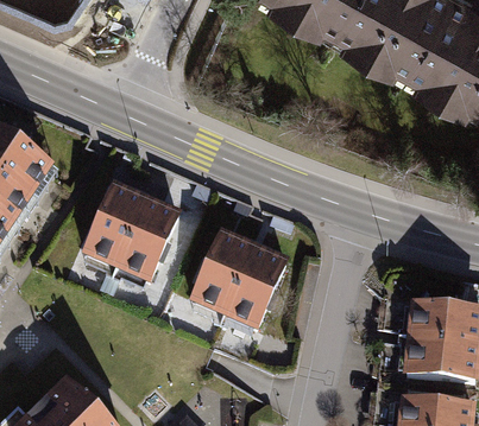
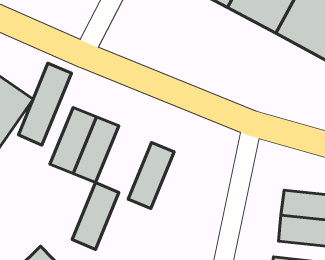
building: none -> [18,63,71,145]
building: [219,243,285,338] -> [72,183,119,249]

